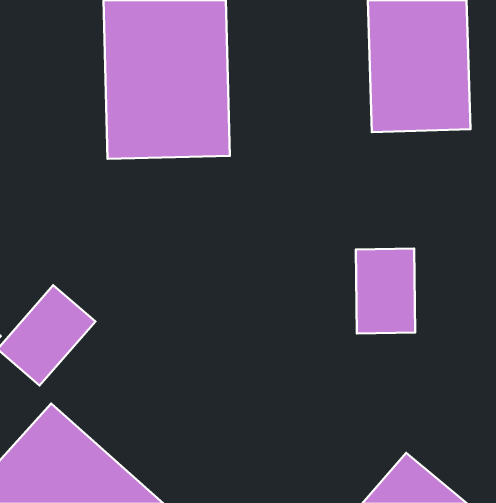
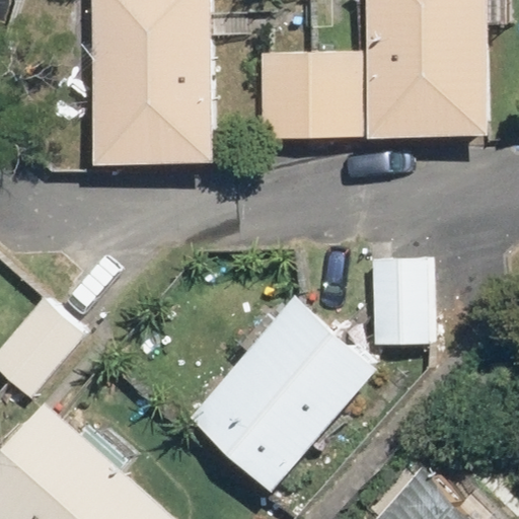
building: none -> [265,50,372,138]
building: none -> [183,296,374,492]

